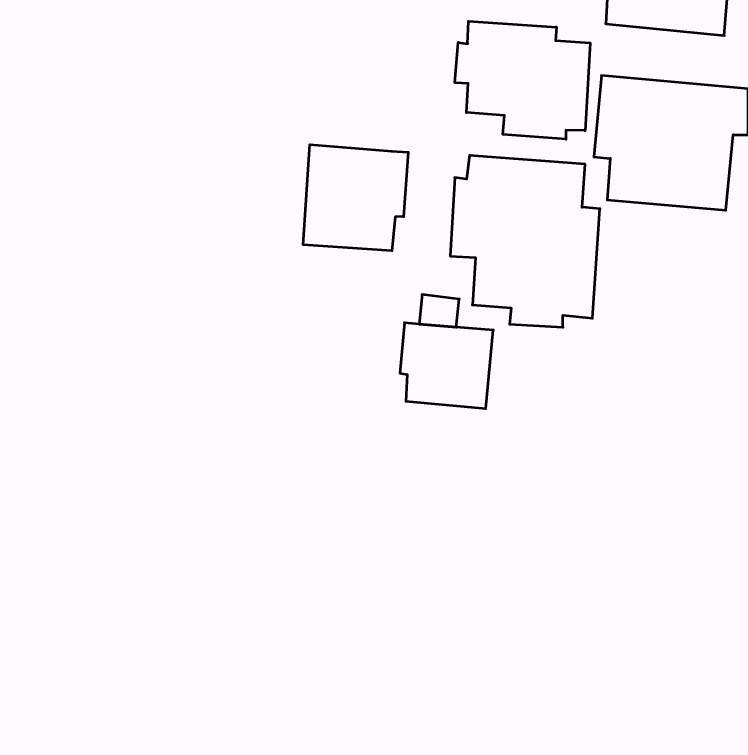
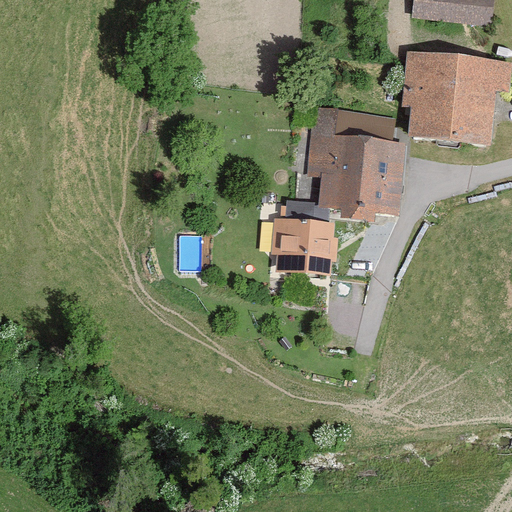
building: [455,21,590,139] -> none
building: [303,145,408,251] -> none

